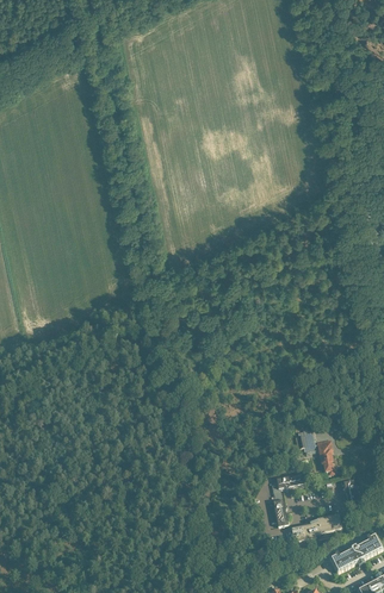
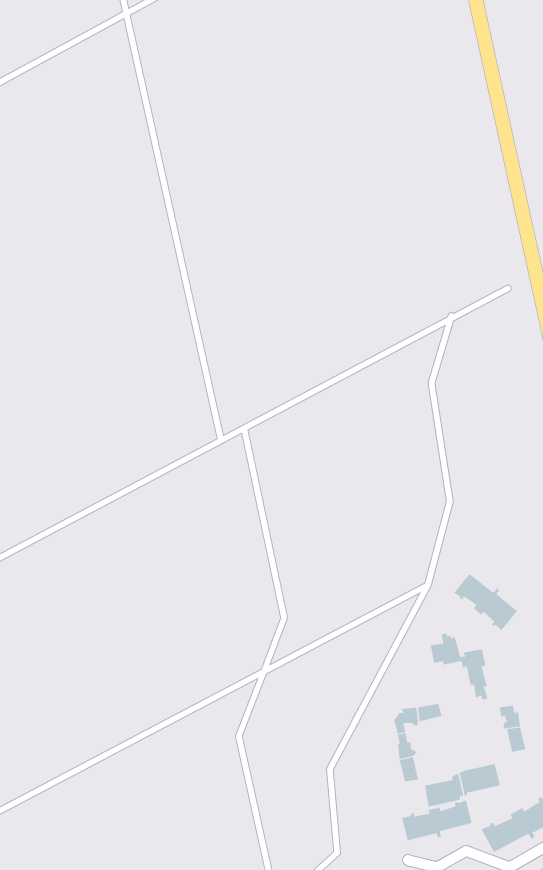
building: none -> [453,573,518,631]
building: none -> [402,799,472,841]

